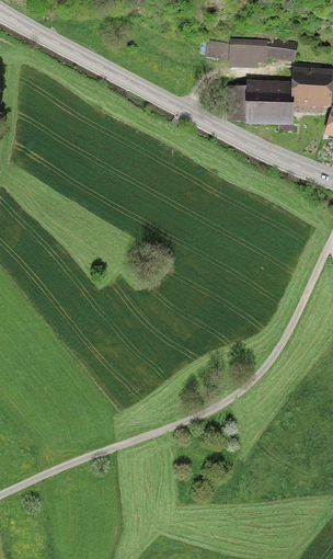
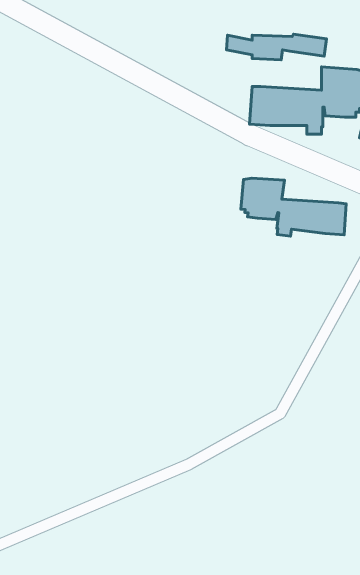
building: none -> [241,178,346,236]

